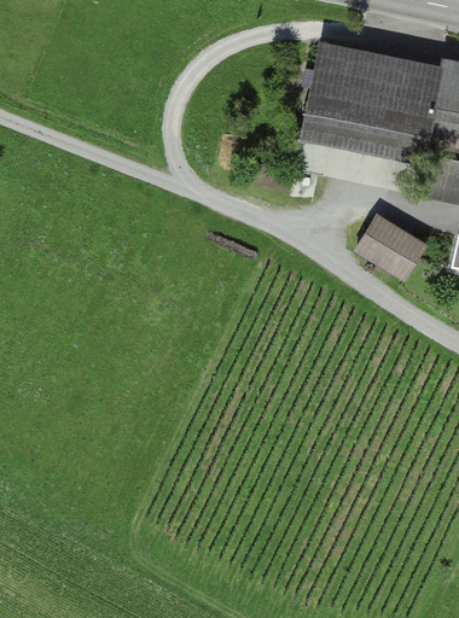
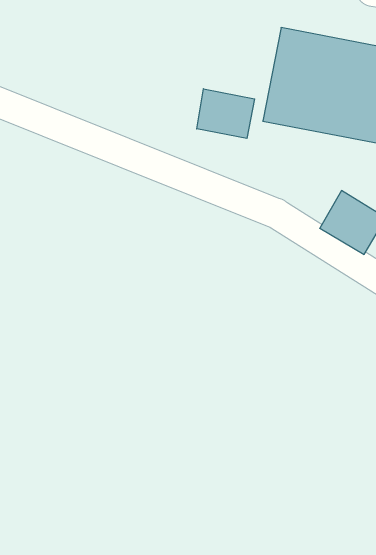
building: none -> [197,89,255,138]

